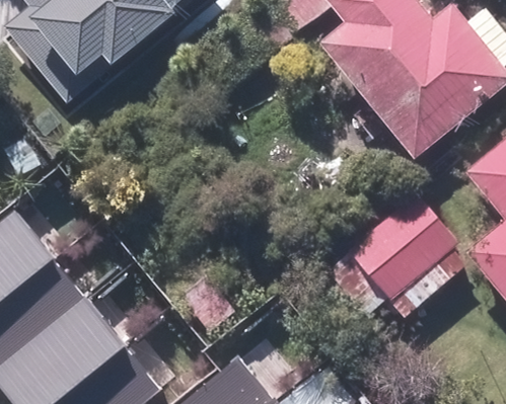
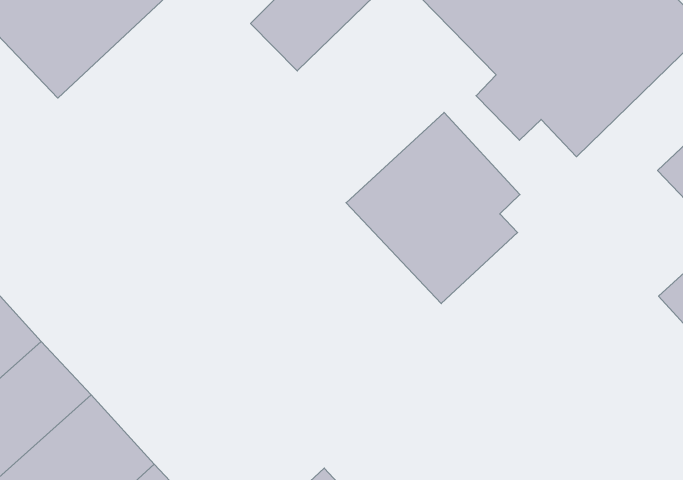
building: [348,191,464,319] -> [346,112,520,304]

